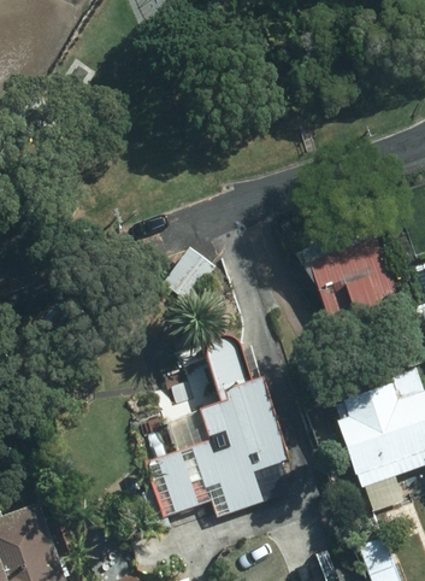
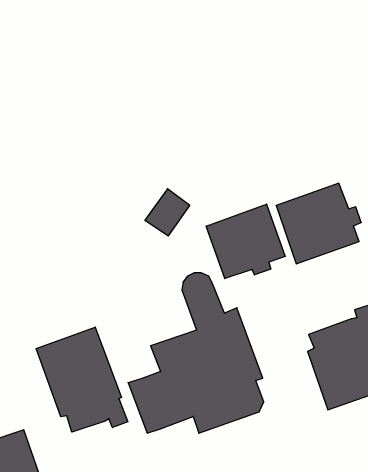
building: none -> [206,204,285,279]
building: none -> [36,327,128,432]

